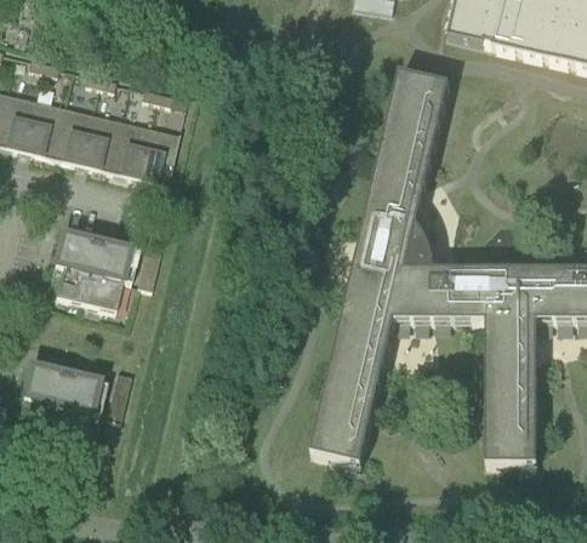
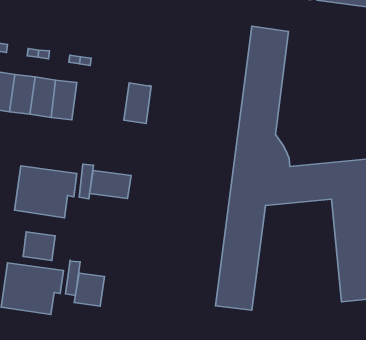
building: [137,125,179,183] -> [124,83,151,123]
building: none -> [90,170,131,199]
building: none -> [23,232,55,261]
building: none -> [74,273,104,306]

